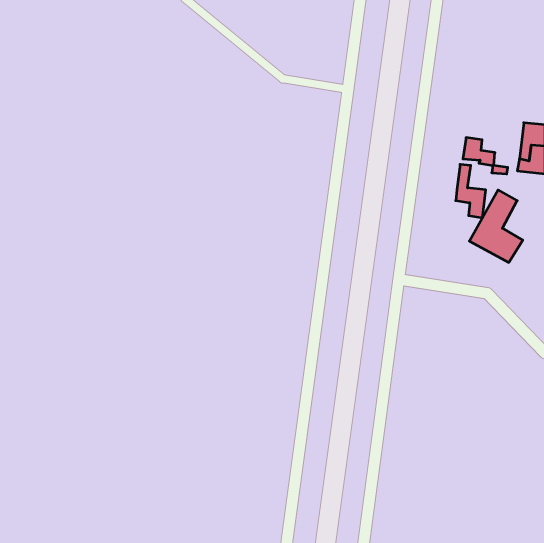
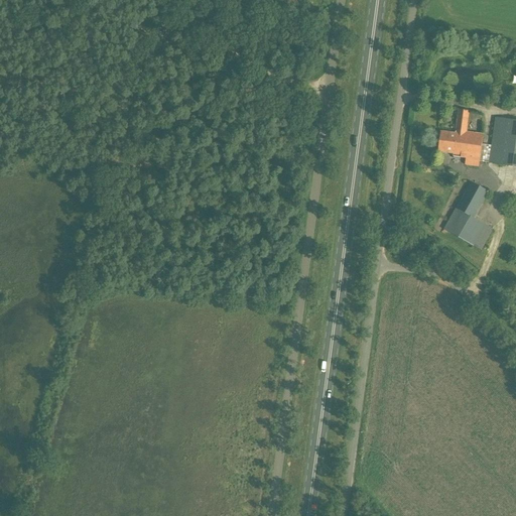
building: [456,164,486,218] -> [456,108,484,158]

